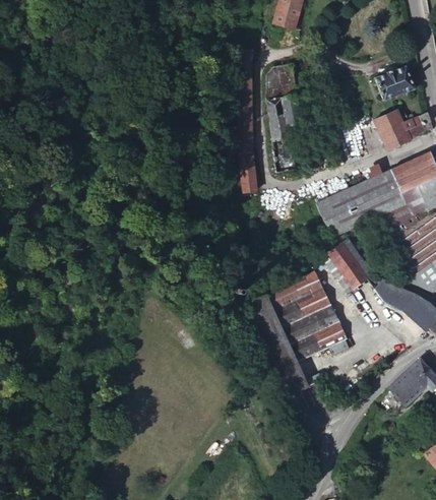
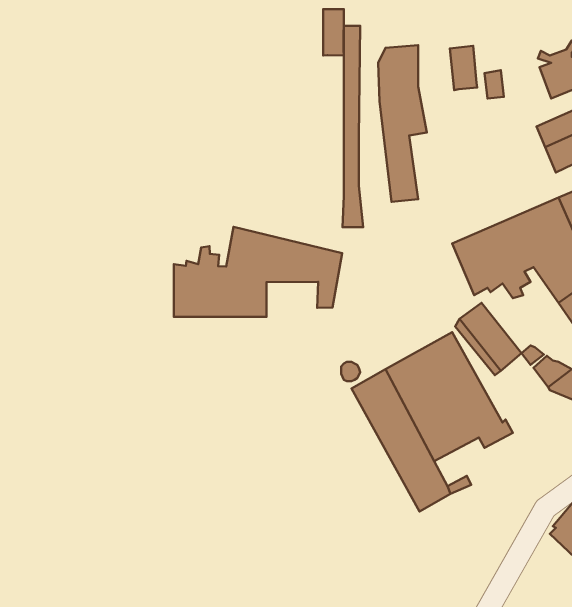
building: none -> [323,9,344,56]
building: none -> [450,46,477,90]
building: none -> [174,227,342,317]

